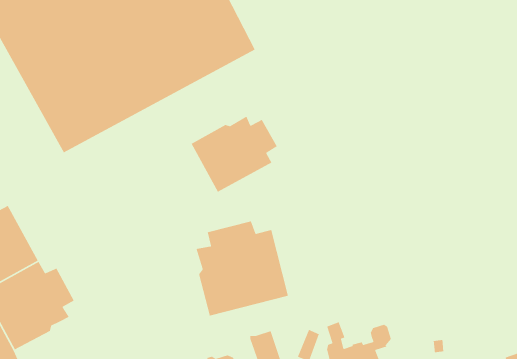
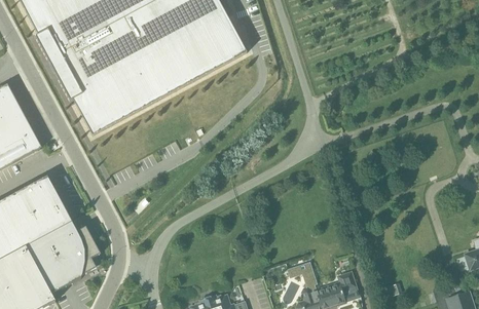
building: [190,116,278,193] -> none
building: [196,220,289,316] -> none

